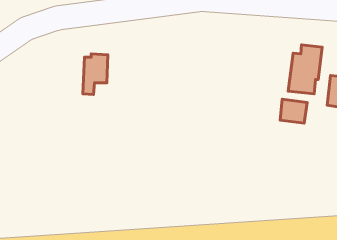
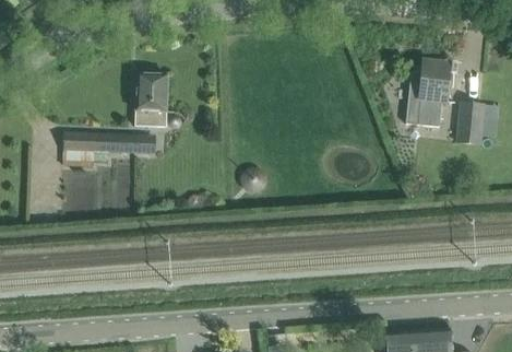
building: [280,99,307,123] -> none
building: none -> [63,133,154,162]

